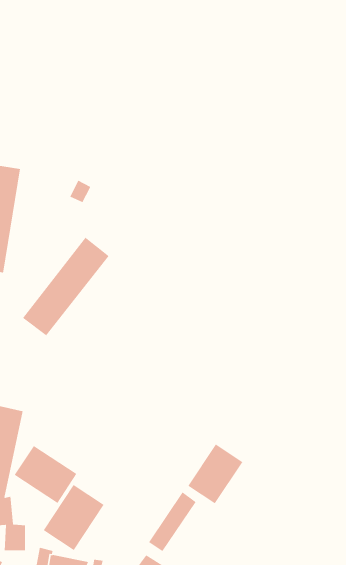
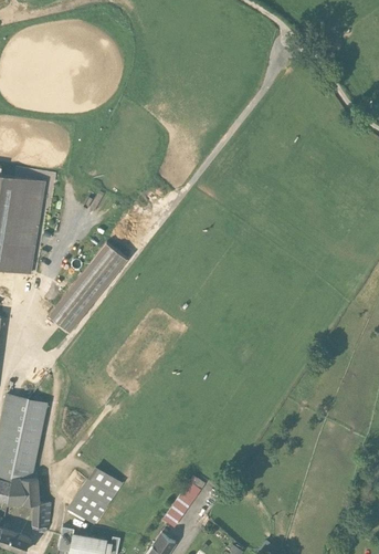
building: [188,443,243,504] -> none
building: [14,445,77,504] -> none

